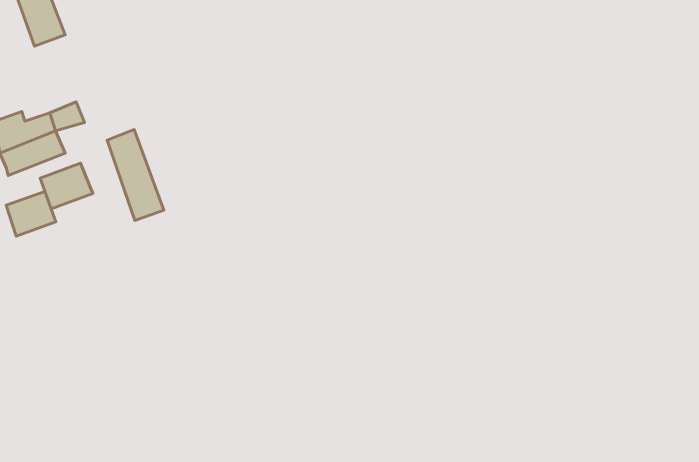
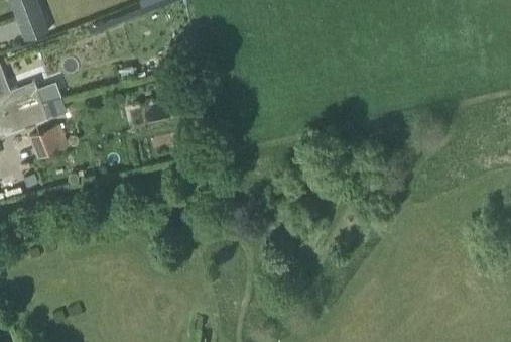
building: [107,129,164,221] -> none
building: [6,192,56,236] -> none

